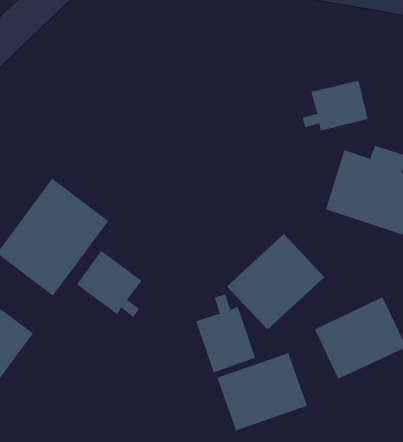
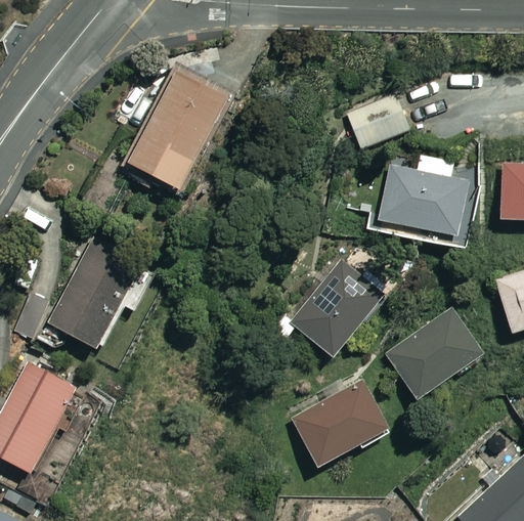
building: none -> [123,62,242,201]
building: [76,250,142,318] -> none
building: [195,293,256,373] -> none

